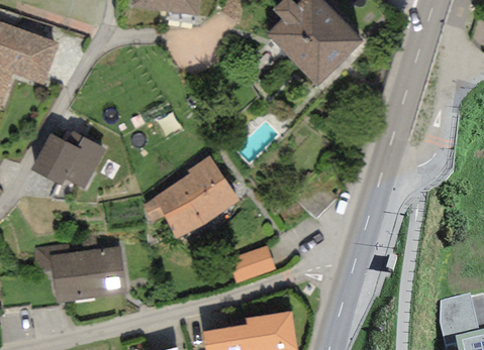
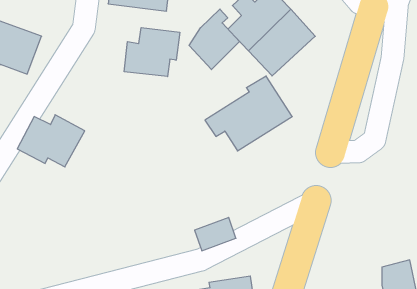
building: none -> [189,9,240,70]
building: none -> [124,28,180,77]
building: [140,155,238,239] -> [205,76,292,151]
building: [35,243,129,306] -> none

